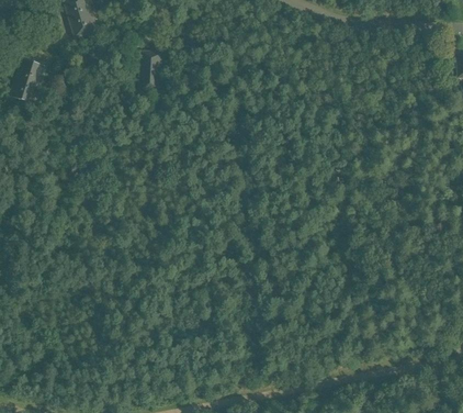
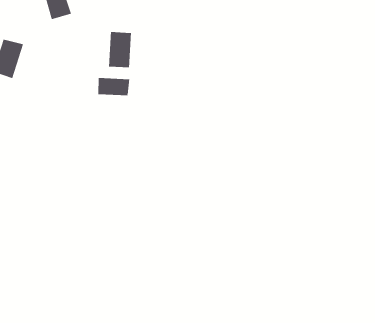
building: none -> [98,77,130,96]

